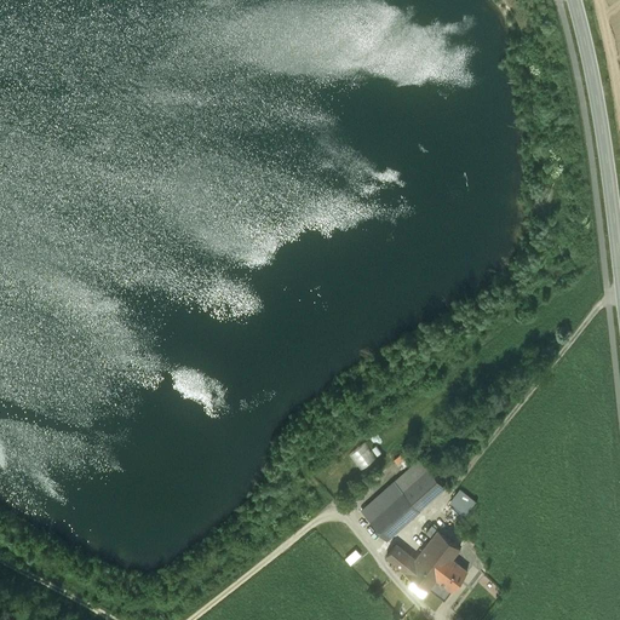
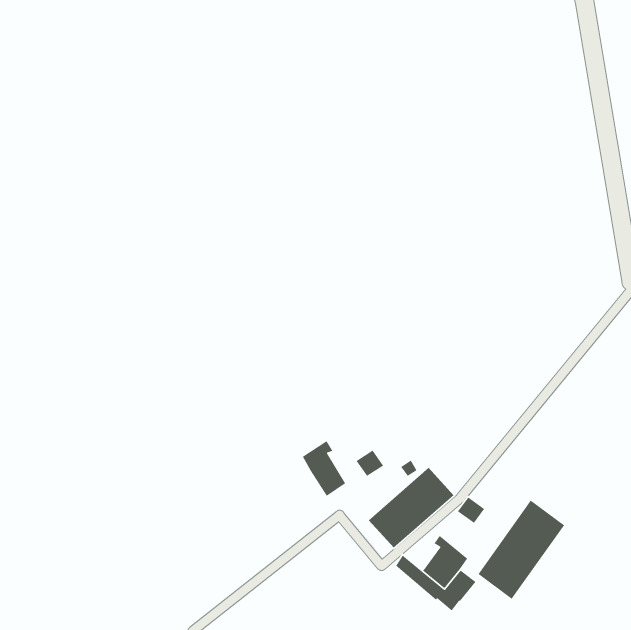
building: none -> [302,440,346,497]
building: none -> [477,499,565,600]

